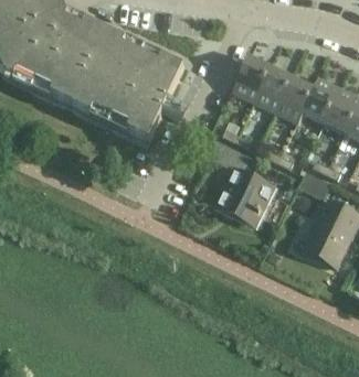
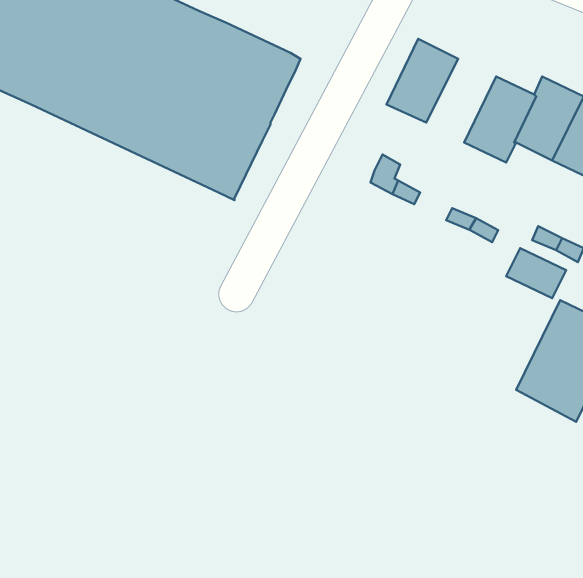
building: [253,66,292,112] -> none
building: [208,139,275,225] -> none

